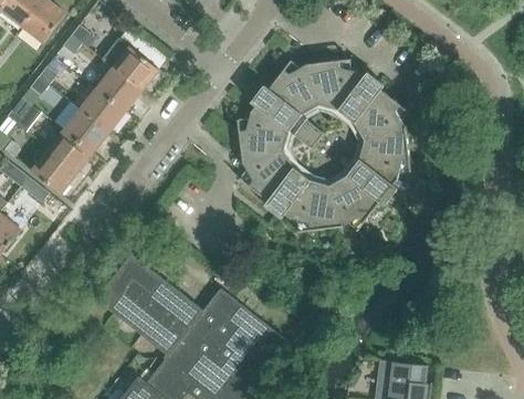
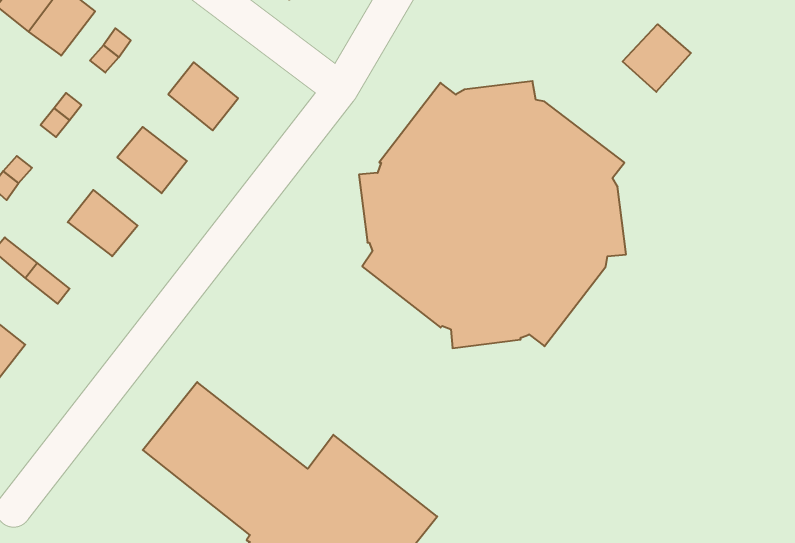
building: none -> [623,24,691,92]
building: [95,66,140,109] -> none
building: [63,107,107,151] -> none
building: [30,149,75,192] -> none

